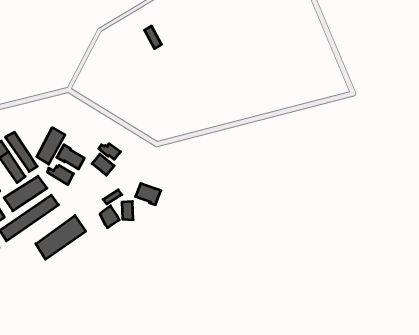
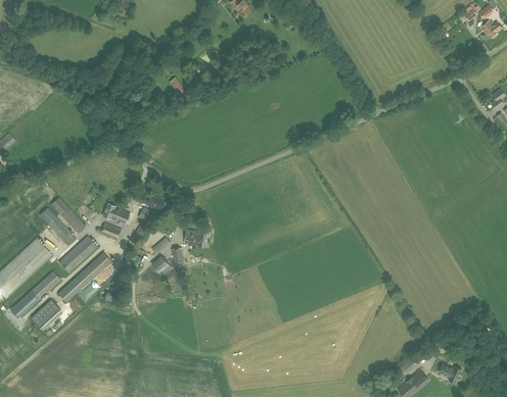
building: [37,128,65,164] -> none
building: [36,215,86,259] -> none

